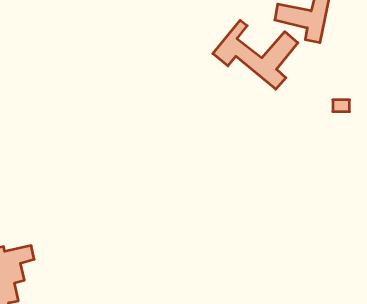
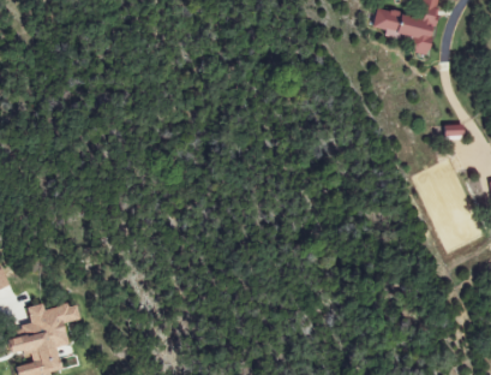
building: [213,20,298,89] -> none

